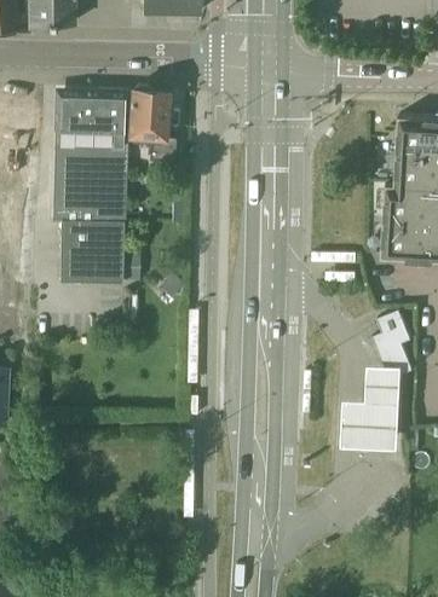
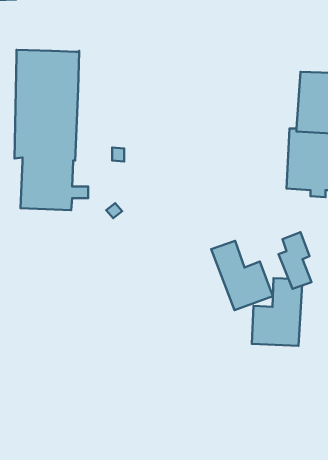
building: [129,86,174,161] -> none
building: none -> [211,241,273,310]

